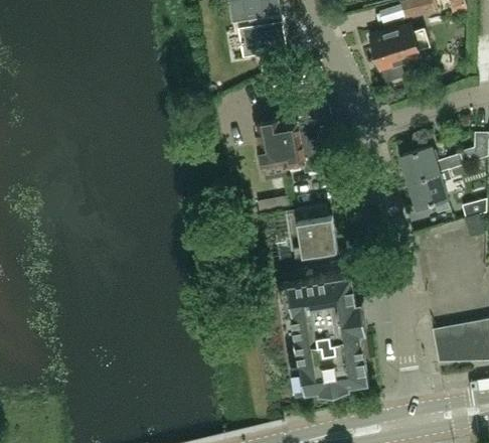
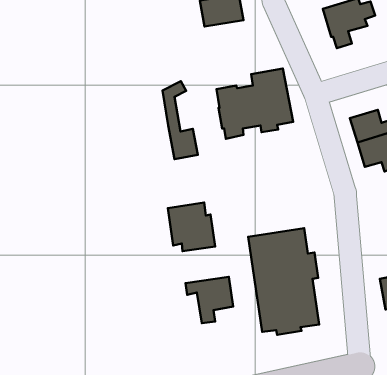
building: none -> [162,81,198,159]
building: [285,206,336,259] -> [168,203,215,251]
building: none -> [186,277,233,323]

